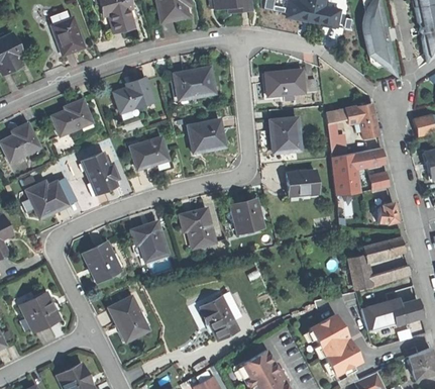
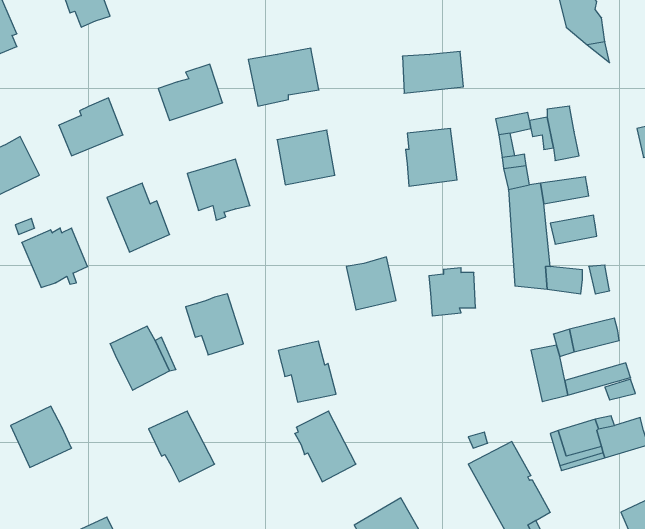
building: [288,167,317,197] -> [429,268,476,316]
building: [180,208,216,247] -> [278,341,336,402]

